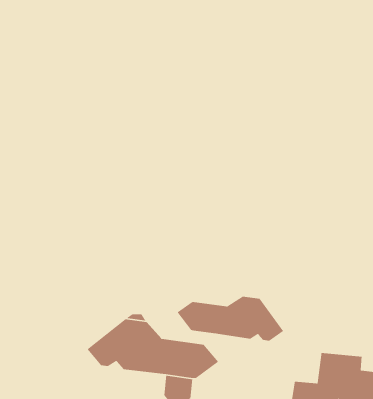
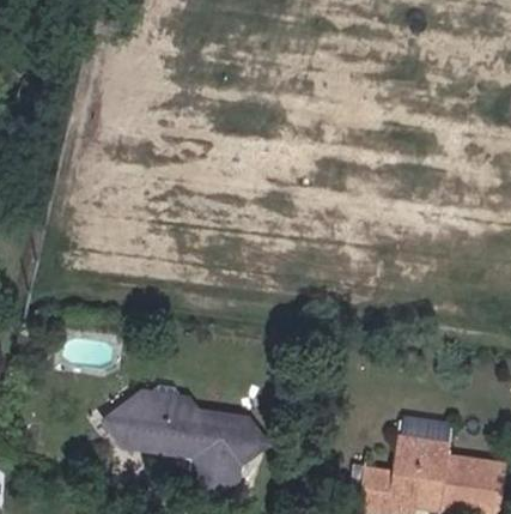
building: [176,296,284,341] -> none

